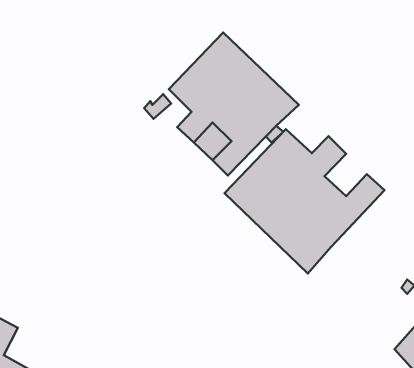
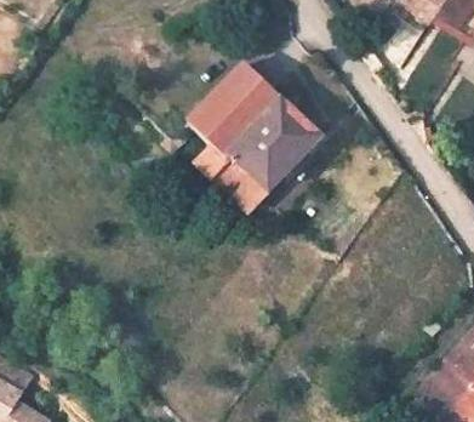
building: [225,129,384,274] -> none

